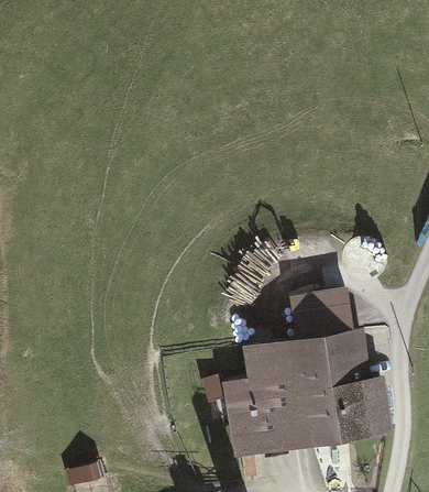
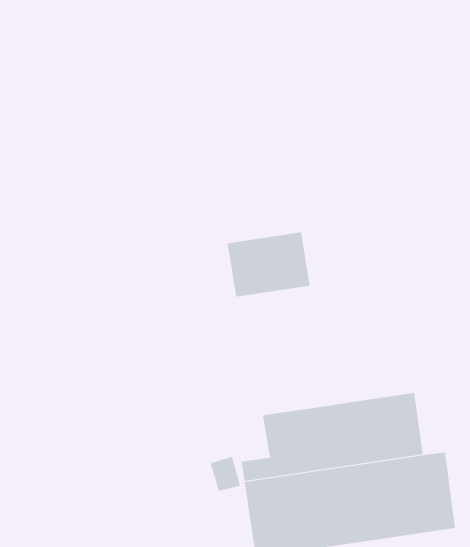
building: [287,288,352,339] -> [227,232,310,297]

